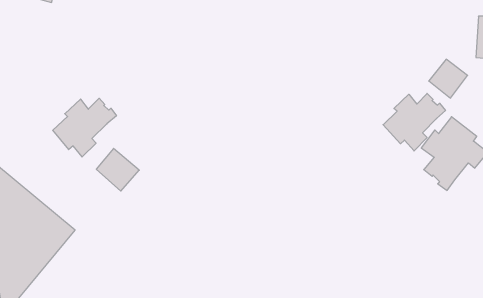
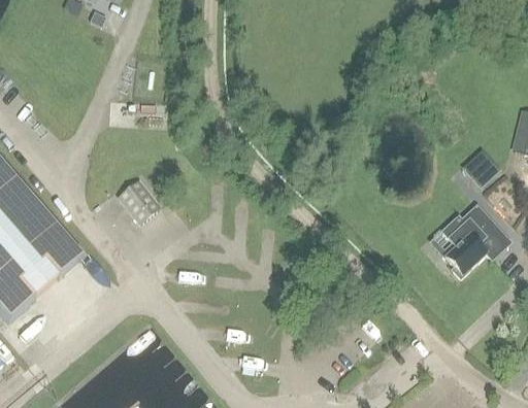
building: [383,93,445,151] -> none
building: [53,98,116,157] -> none

